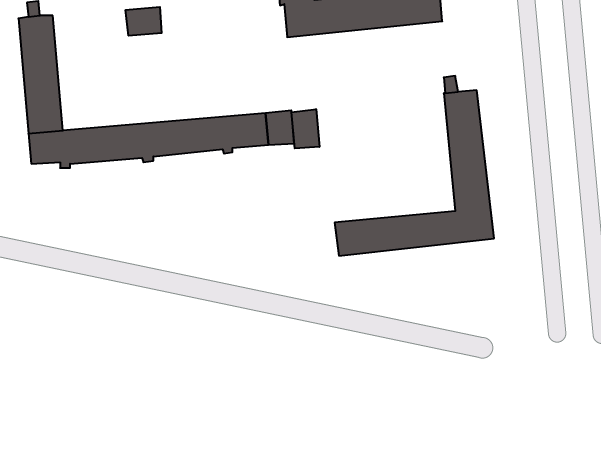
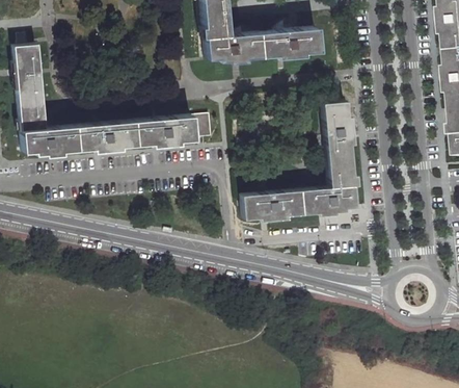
building: [126,7,162,36] -> none
building: [292,109,319,148] -> none

